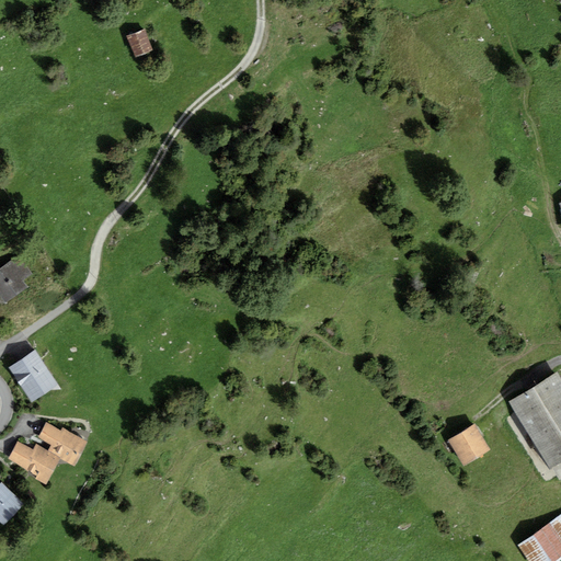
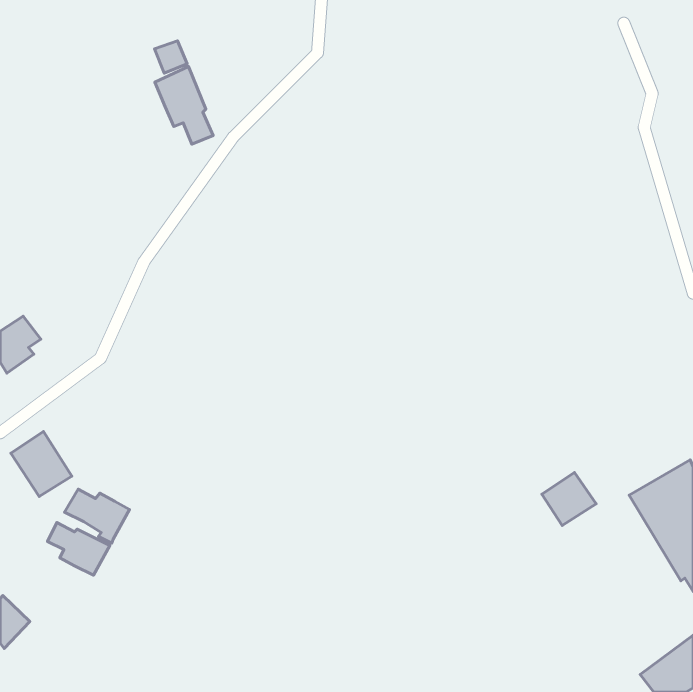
building: none -> [155,67,213,144]
building: [447,423,491,466] -> [542,473,596,525]
building: [8,440,60,484] -> [64,489,130,543]

